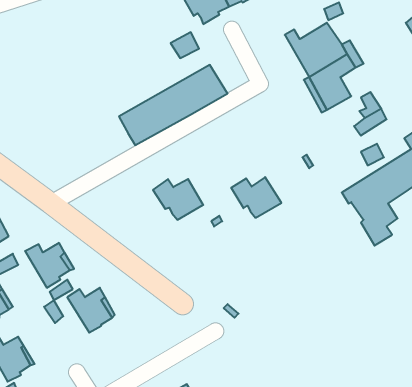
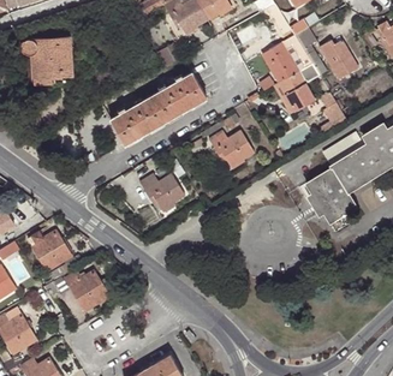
building: none -> [19,36,71,84]
building: none -> [320,41,358,79]
building: [231,177,281,218] -> [209,131,254,167]

